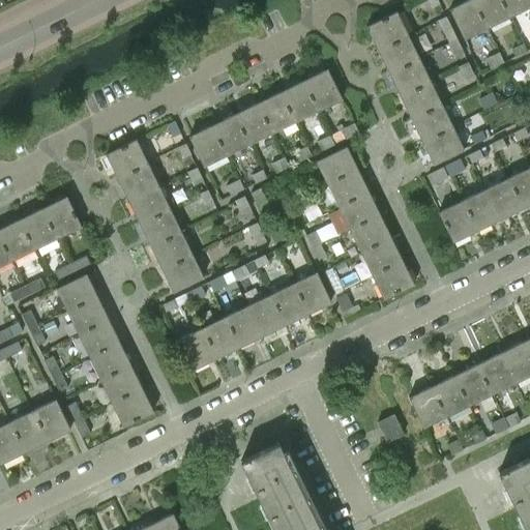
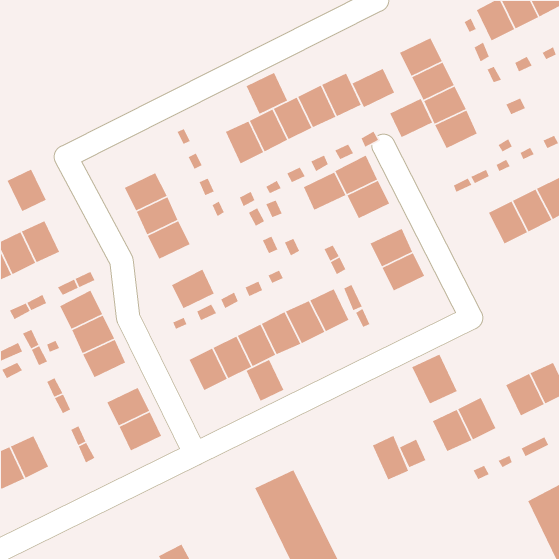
building: [366,12,408,51] -> [351,68,395,108]
building: none -> [246,72,288,115]
building: [189,125,228,168] -> none
building: [422,127,464,166] -> [389,98,433,138]
building: [107,140,148,178] -> none
building: [340,194,381,231] -> [303,171,347,211]
building: [43,198,82,239] -> [6,168,47,212]
building: [439,202,477,243] -> none
building: [151,232,193,270] -> none
building: [373,262,414,300] -> none
building: none -> [411,354,458,405]
building: none -> [245,359,284,402]
building: [90,344,131,381] -> none
building: [455,364,493,406] -> none
building: [33,401,71,442] -> none
building: none -> [372,435,409,481]

